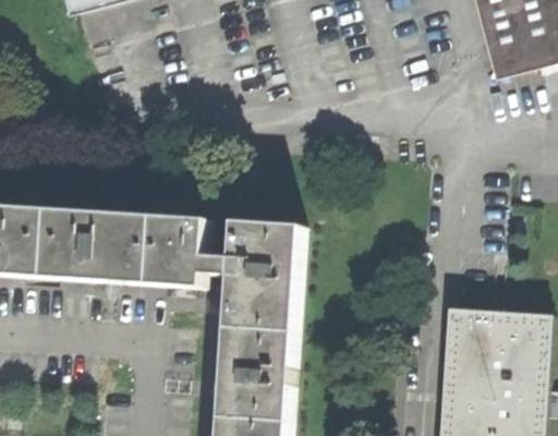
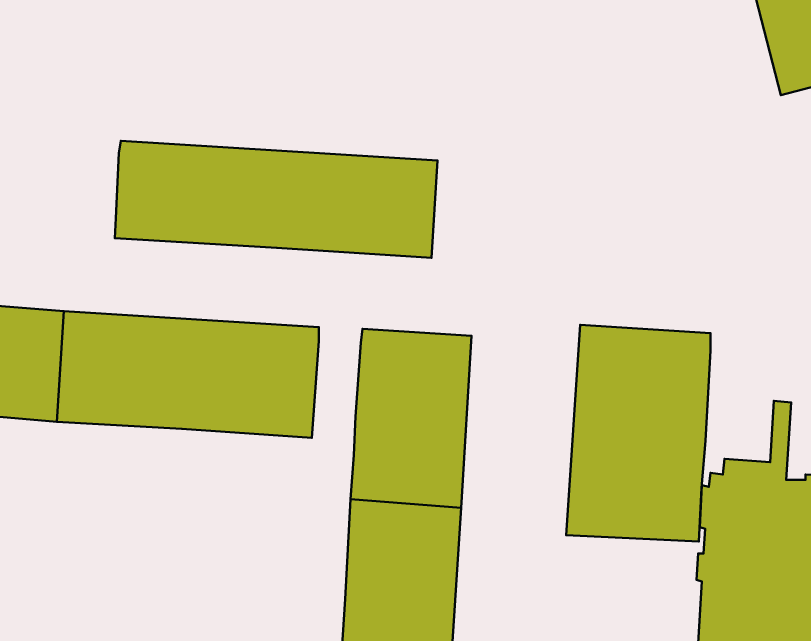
building: none -> [115,141,437,258]
building: none -> [566,325,711,542]
building: [203,227,232,274] -> none

